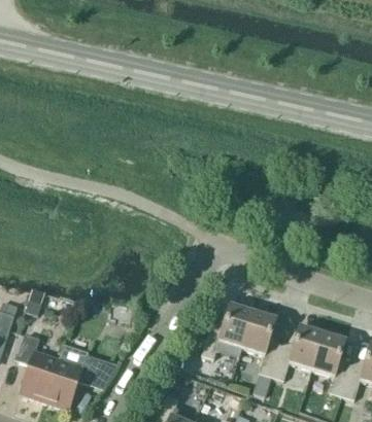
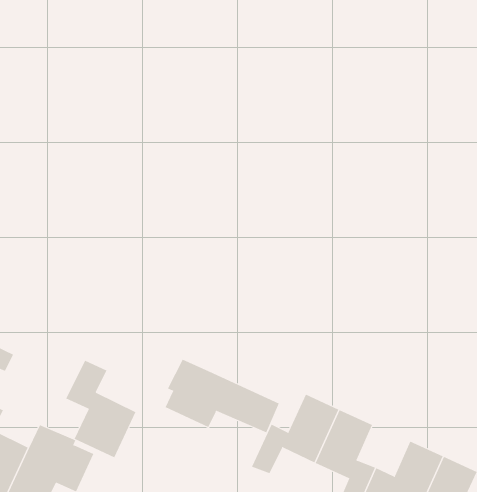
building: none -> [165,359,279,433]
building: none -> [66,360,136,458]

